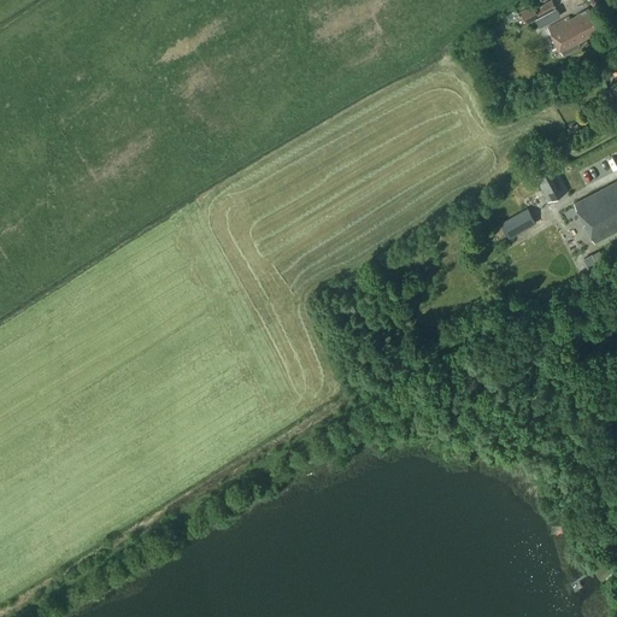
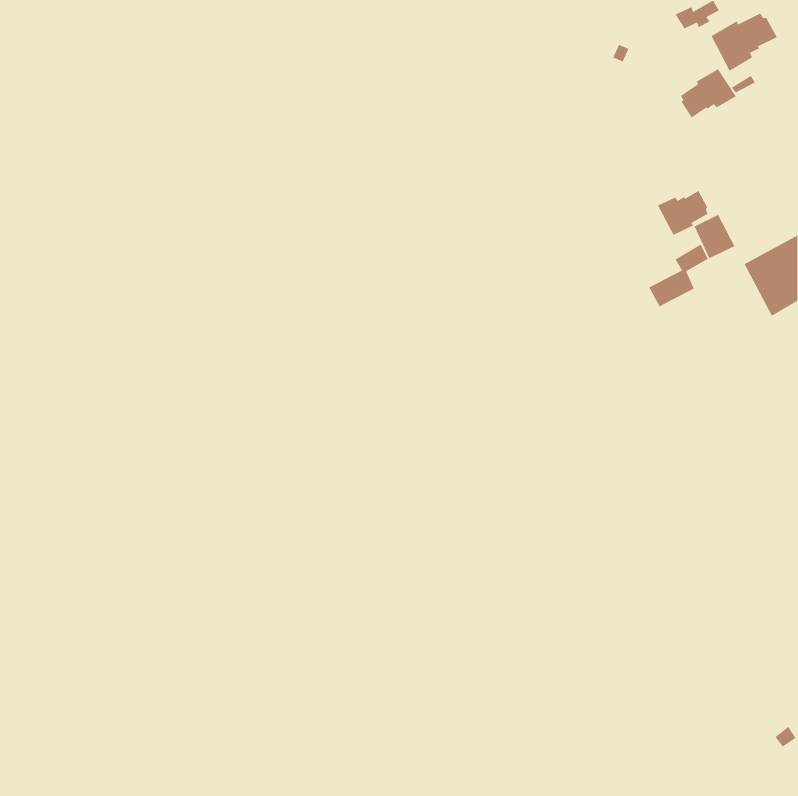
building: none -> [680,68,737,118]
building: none -> [657,190,709,236]

